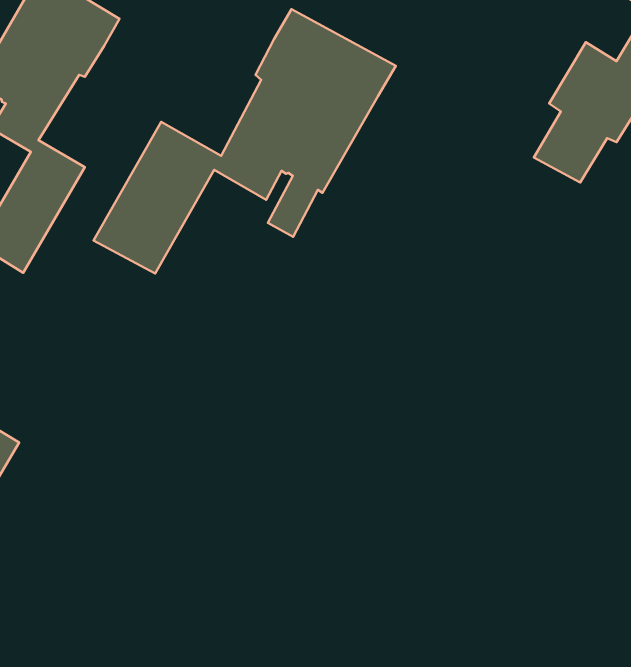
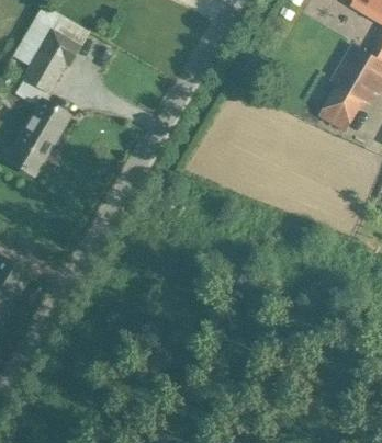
building: [94,9,396,274] -> none

